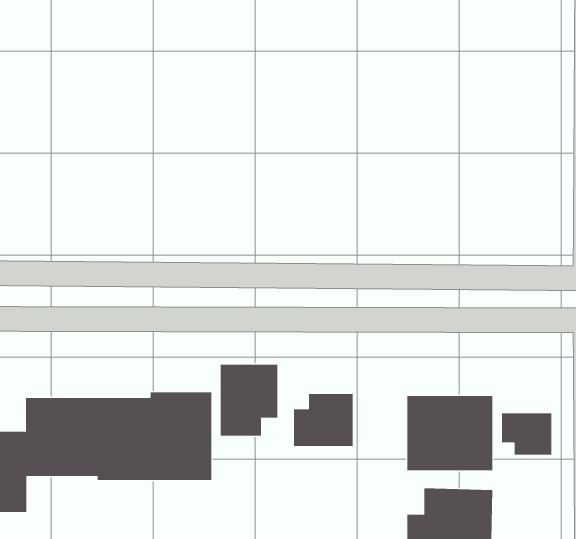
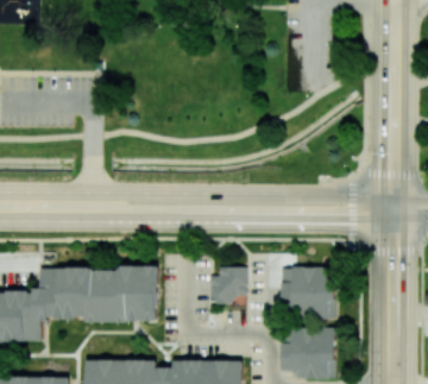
building: [220,364,278,437] -> none
building: [502,412,552,455] -> none

